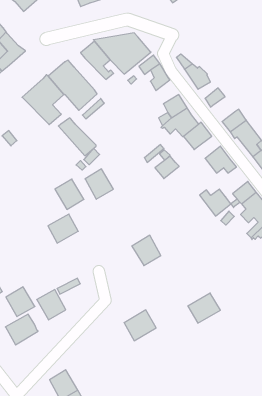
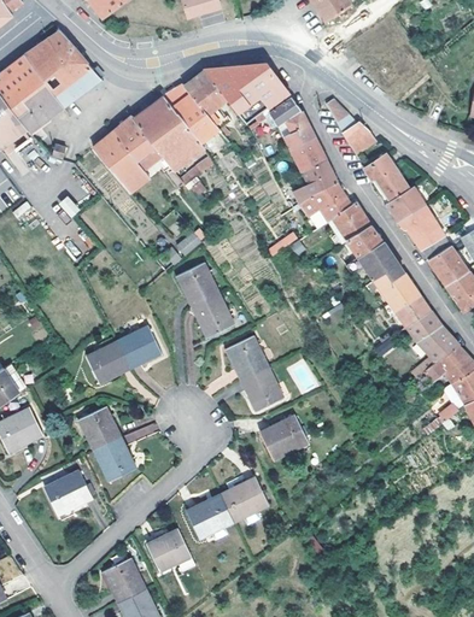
building: none -> [292,136,326,172]
building: none -> [375,166,409,201]
building: [58,118,96,156] -> [164,86,218,143]
building: [155,156,179,179] -> [346,224,382,257]
building: [55,179,84,209] -> [192,293,234,337]
building: [200,189,231,216] -> [374,272,420,312]
building: none -> [226,335,268,380]
building: none -> [87,341,129,382]
building: [6,287,35,317] -> [78,406,121,449]
building: [188,293,220,323] -> [259,415,308,458]
building: none -> [186,493,234,537]
building: none -> [146,528,195,570]

